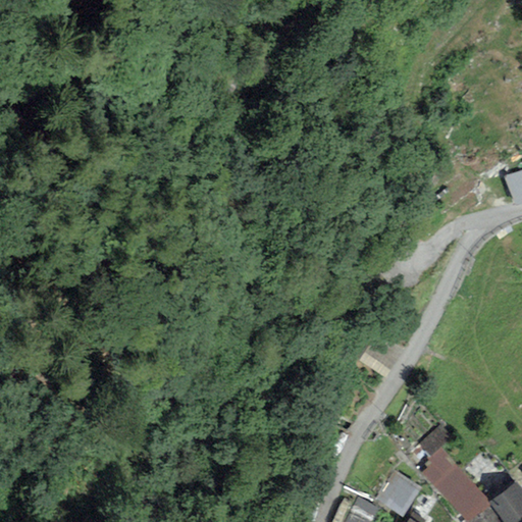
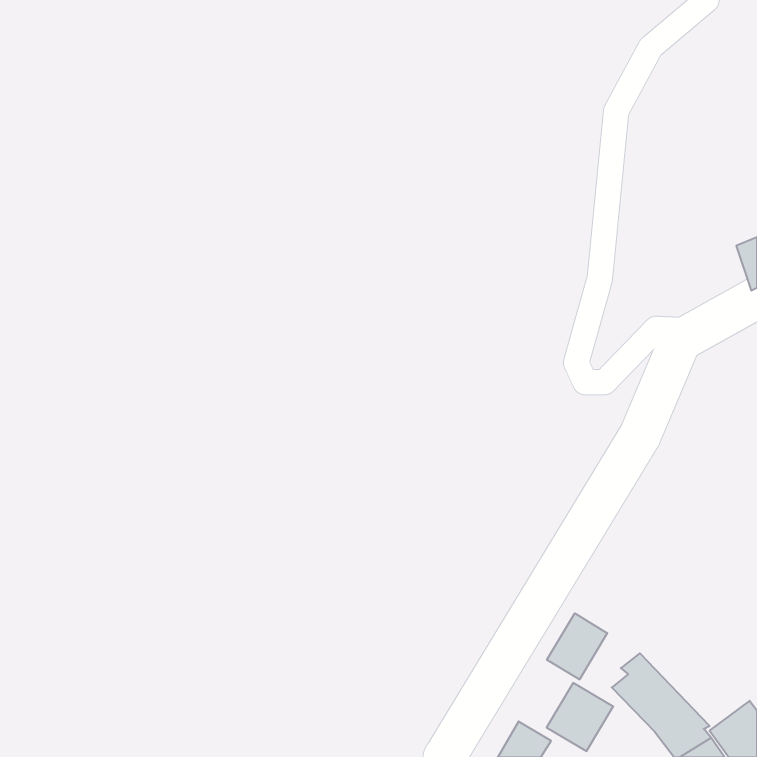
building: none -> [547,613,607,680]

